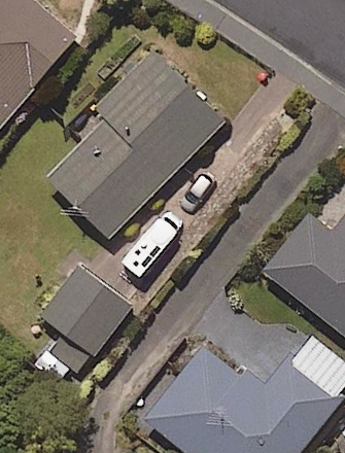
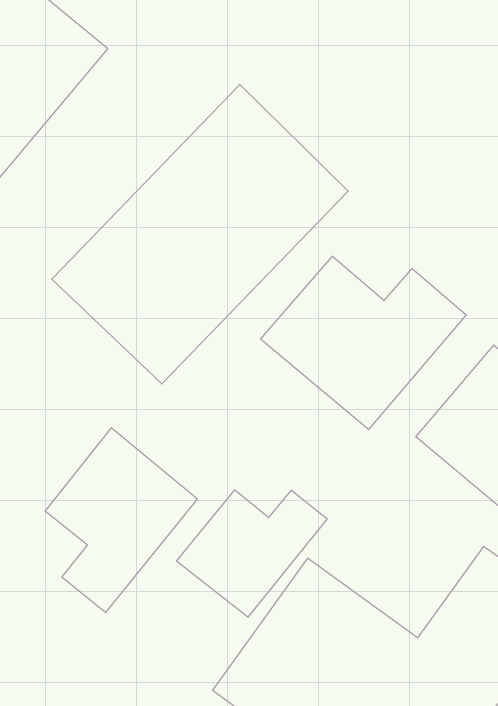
building: none -> [261,256,466,430]
building: none -> [177,490,327,617]

